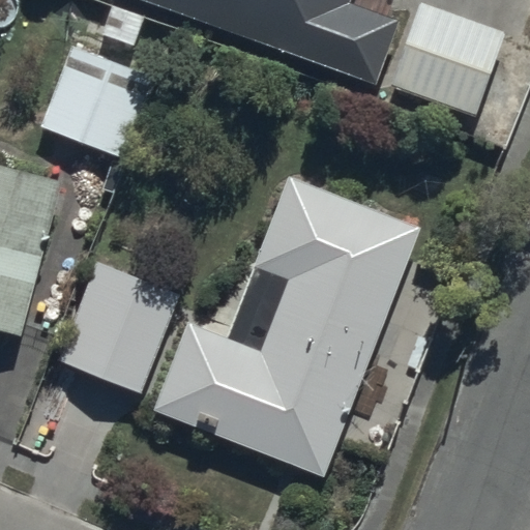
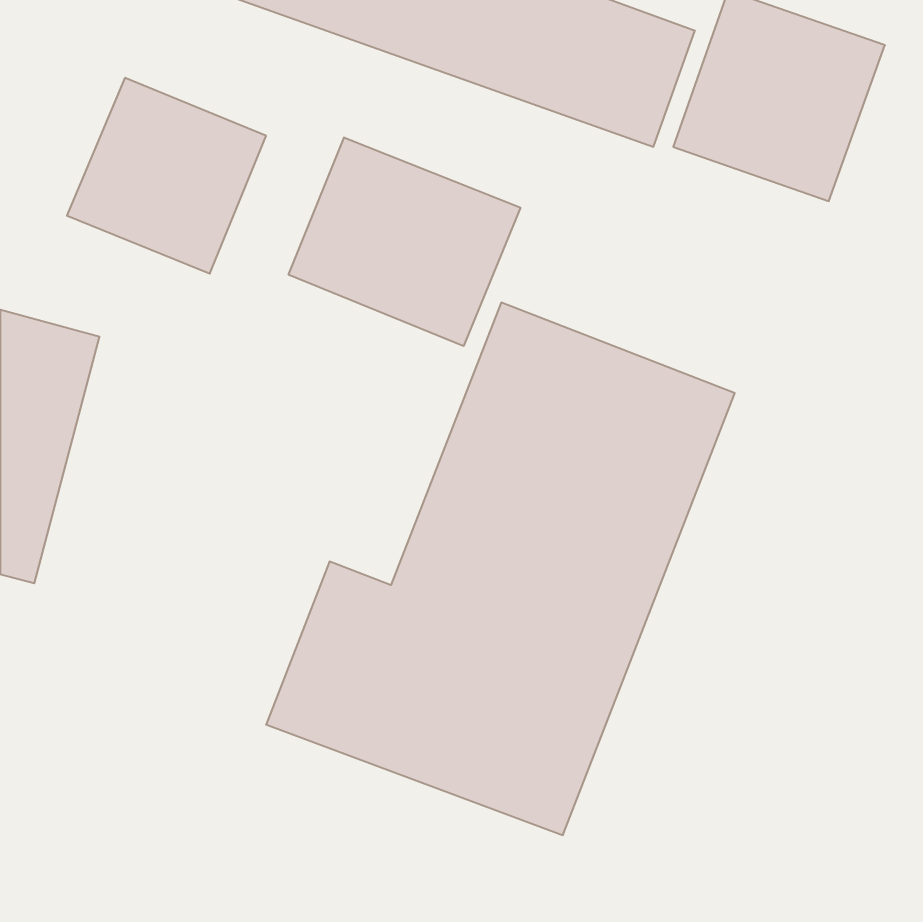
building: none -> [289,137,520,346]
building: [61,262,182,393] -> none

